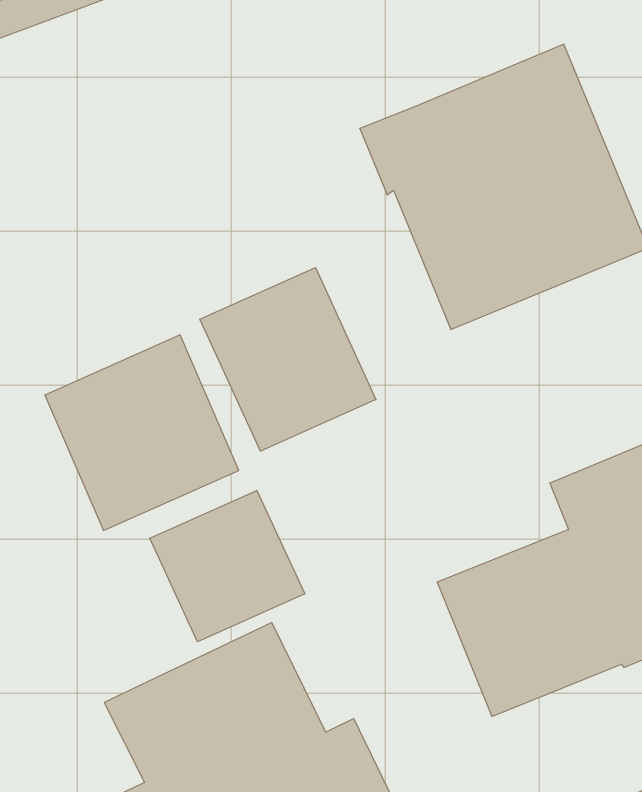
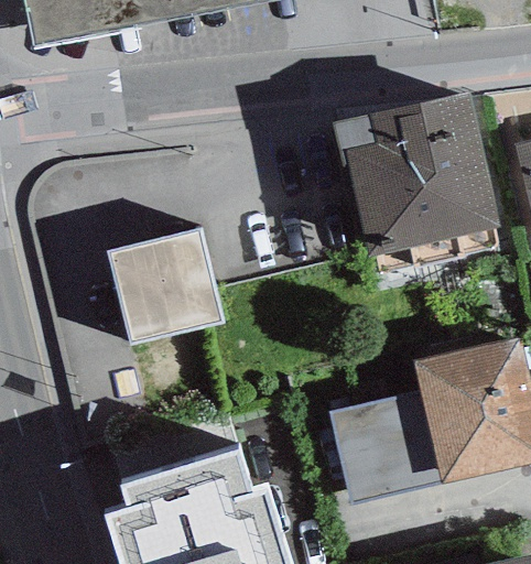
building: [200,268,376,451] -> none
building: [150,490,305,642] -> none

